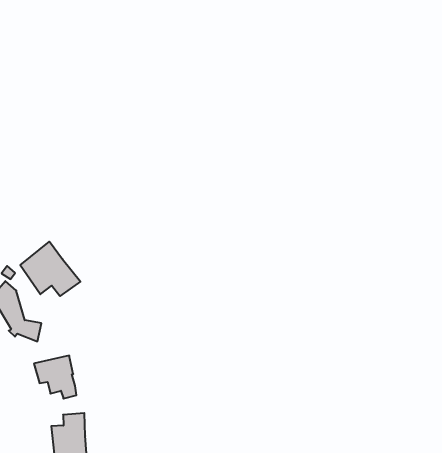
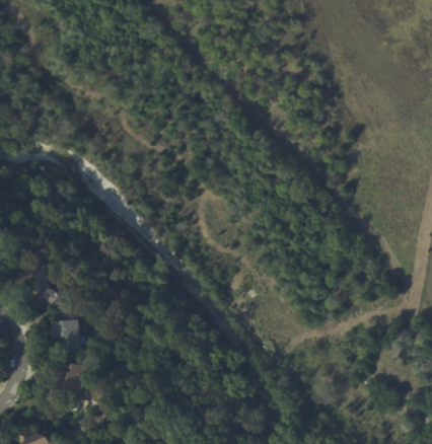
building: [20,242,80,296] -> none

